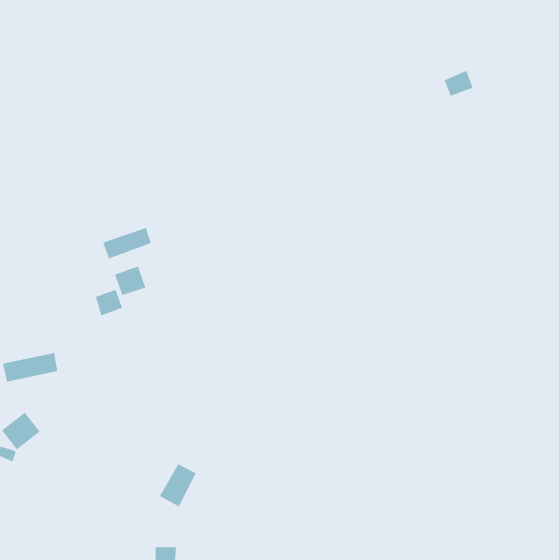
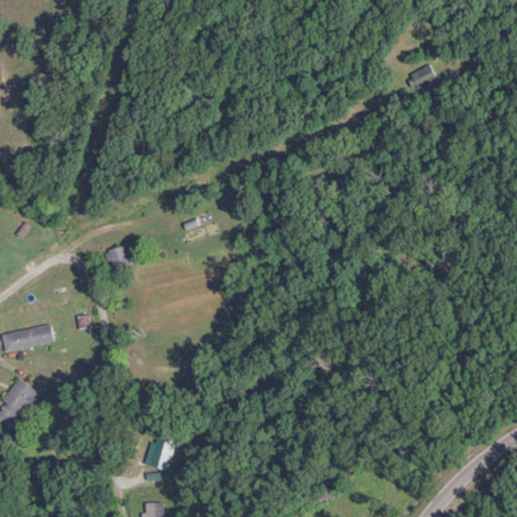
building: [103,227,151,259] -> none
building: [95,289,123,316] -> none

